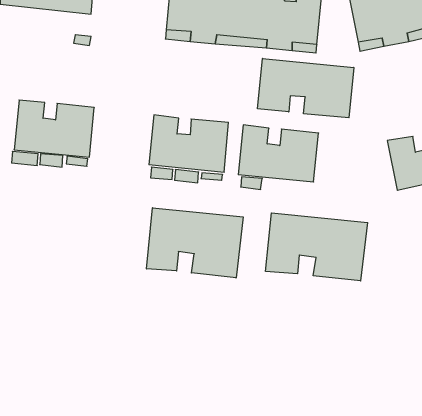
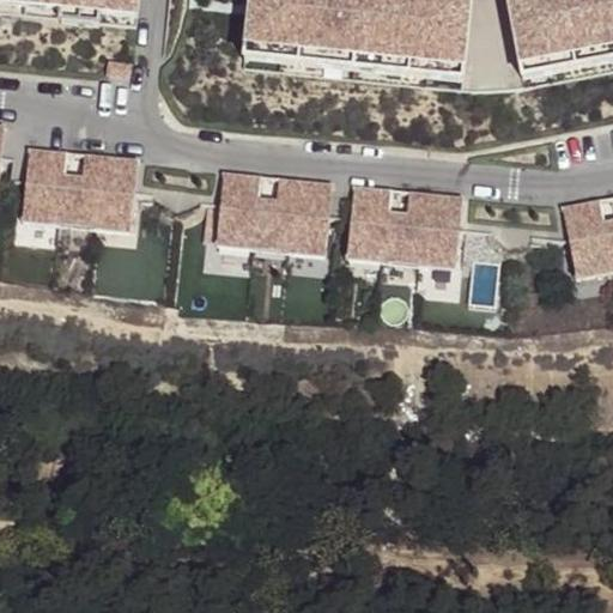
building: [258,58,354,118] -> none
building: [147,208,243,278] -> none
building: [266,213,368,281] -> none

